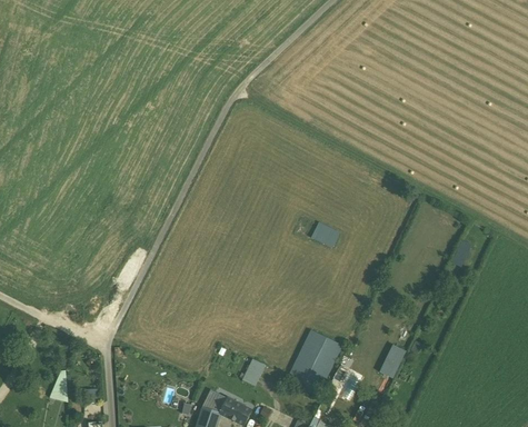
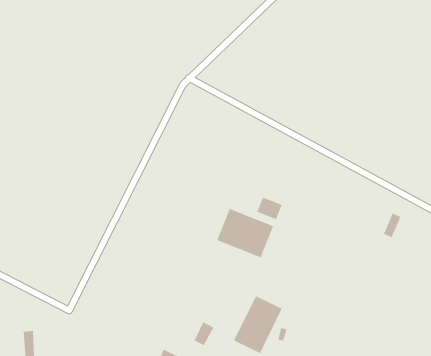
building: none -> [216,208,274,258]
building: [380,342,406,377] -> none

